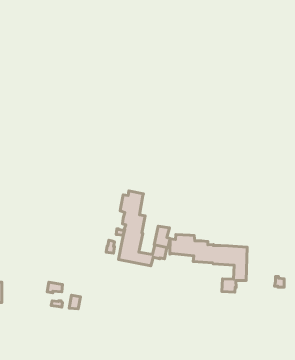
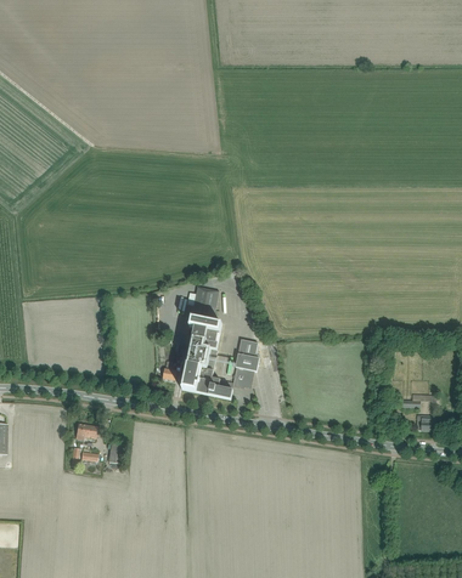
building: [170,234,247,292] -> none

